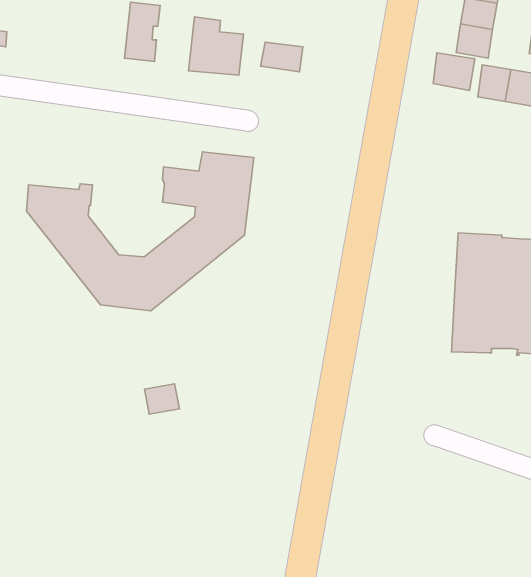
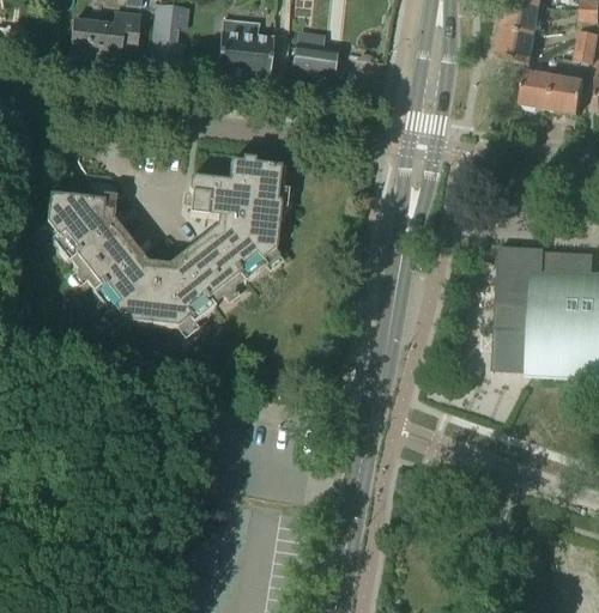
building: none -> [68,11,140,61]
building: [433,53,475,91] -> none
building: [145,384,179,414] -> none

